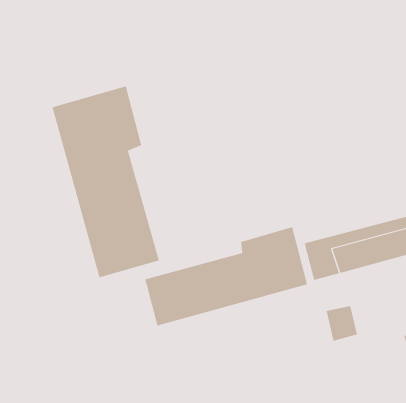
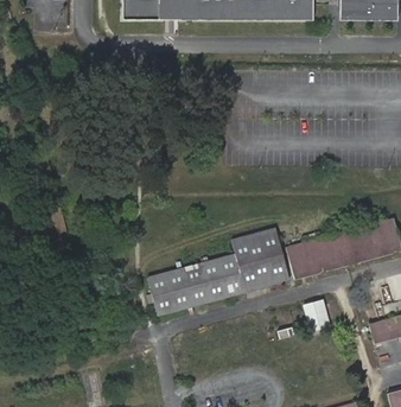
building: [52,85,159,278] -> none

